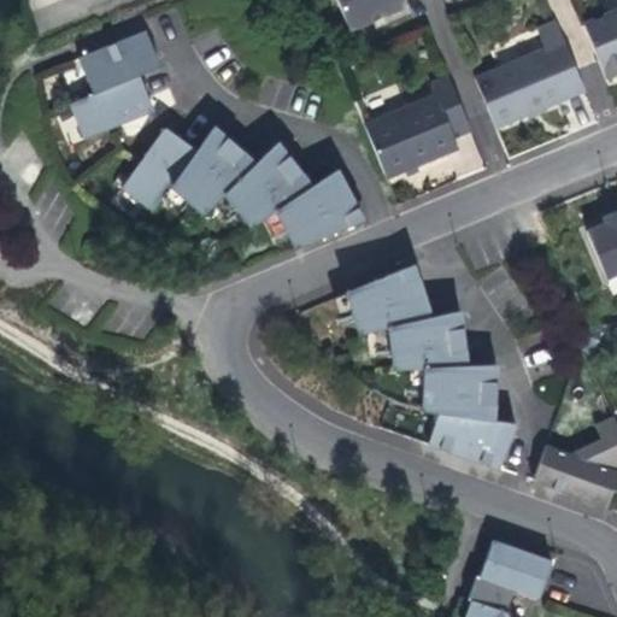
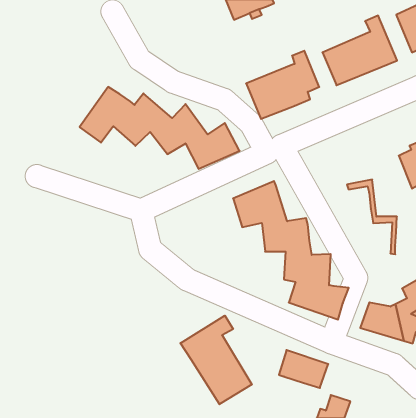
building: [70,30,160,139] -> none
building: [196,125,364,222] -> none
building: [424,311,498,421] -> [347,180,397,254]
building: none -> [180,316,252,404]
building: [483,542,556,598] -> [279,350,328,388]

